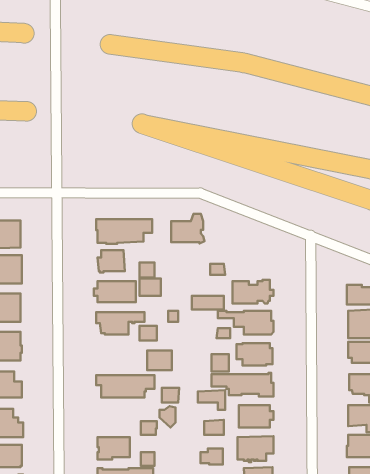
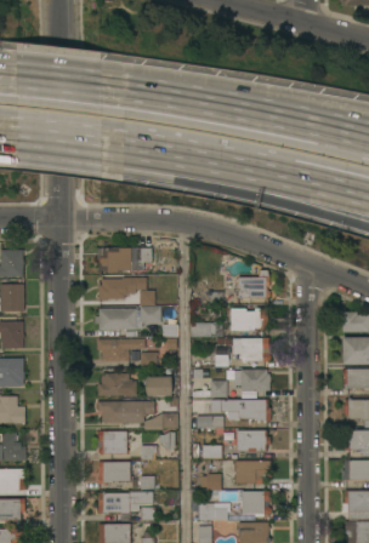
building: [171,214,205,244] -> [238,270,271,299]
building: none -> [97,373,136,396]
building: none -> [97,431,127,455]

